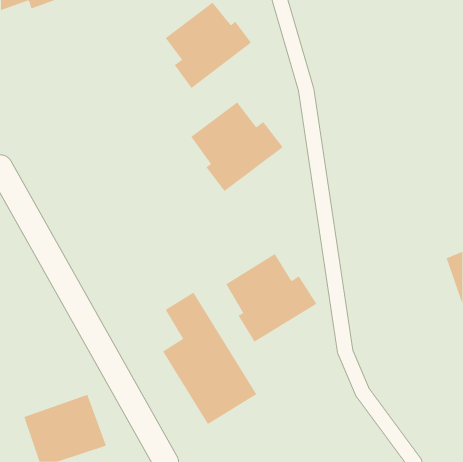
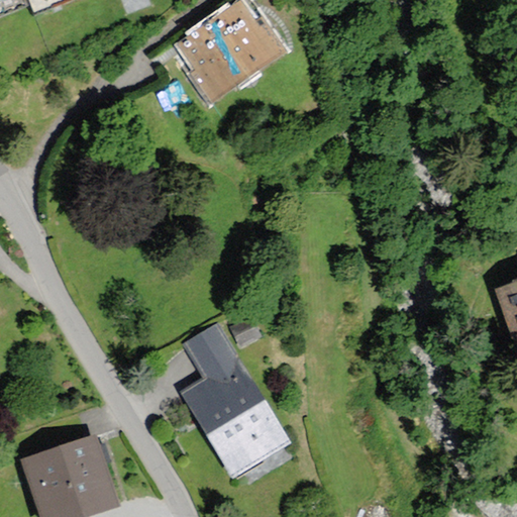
building: [191,101,284,192] -> none
building: [225,253,317,342] -> none

